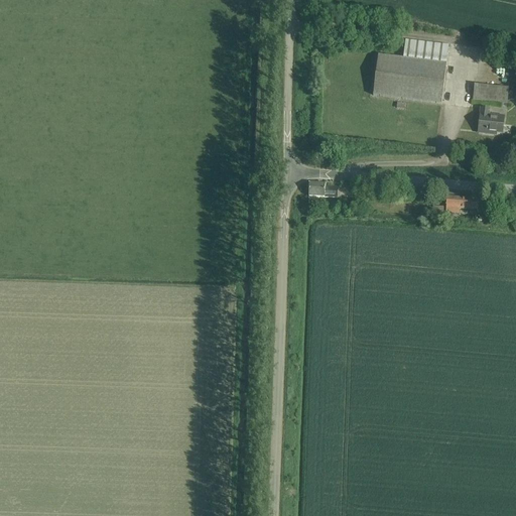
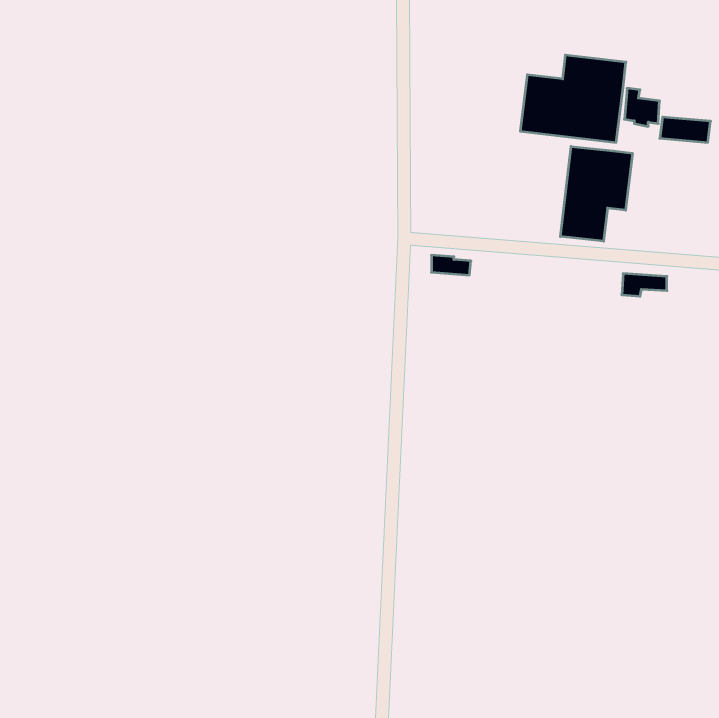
building: none -> [560,146,632,241]
building: [478,107,503,134] -> [624,88,660,126]

